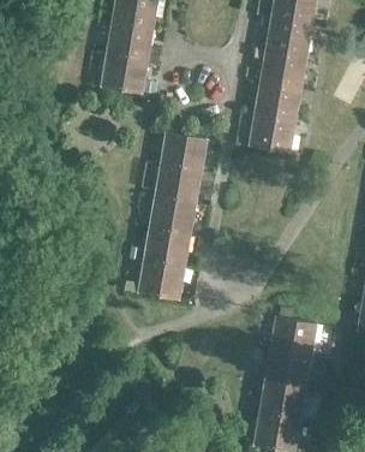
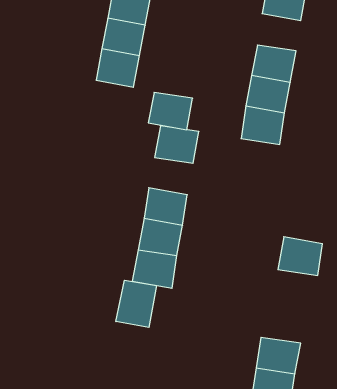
building: [265,18,310,56] -> none
building: [154,166,199,204] -> [148,92,193,130]
building: none -> [116,280,156,327]
building: [269,317,315,357] -> [278,237,322,275]

